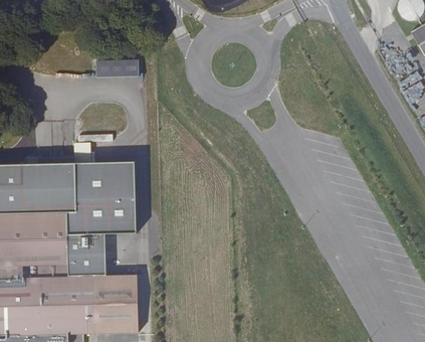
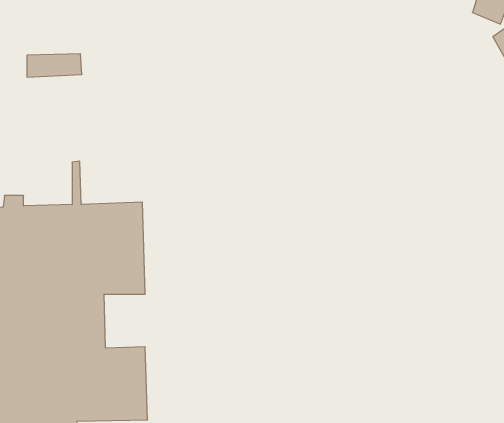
building: [95,59,139,77] -> [27,54,82,77]

